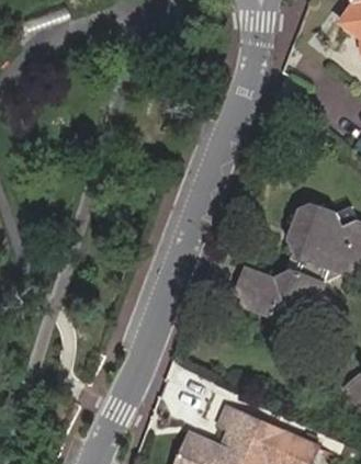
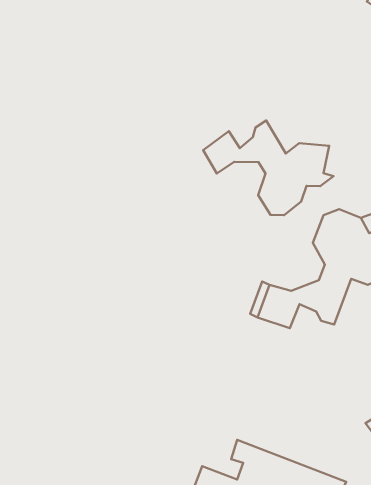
building: none -> [203,120,333,215]

